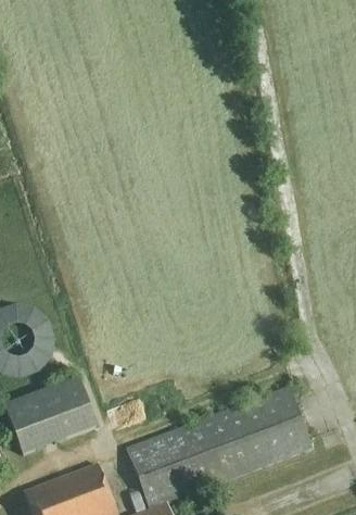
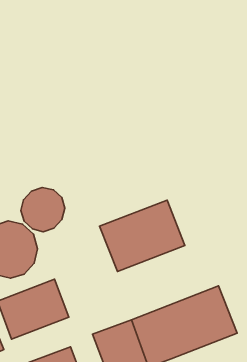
building: none -> [21,188,65,232]
building: none -> [100,200,185,272]

